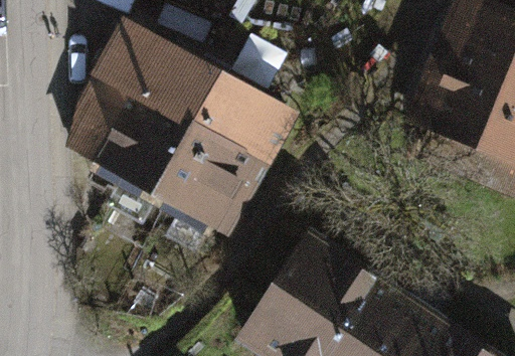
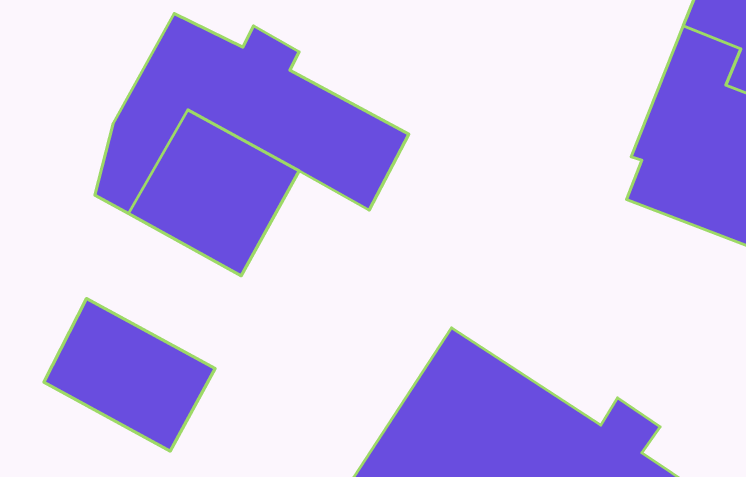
building: [173,133,271,228] -> none
building: none -> [44,299,215,451]

